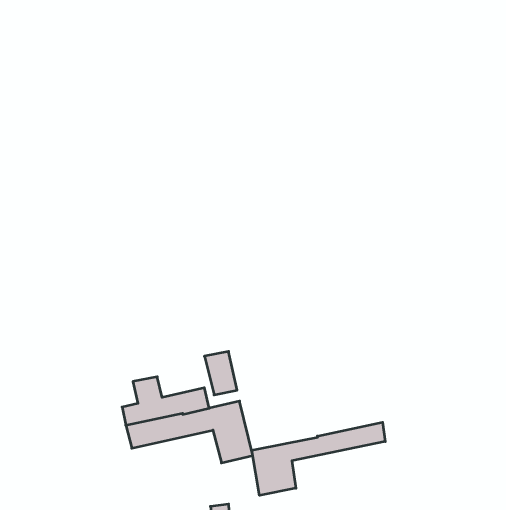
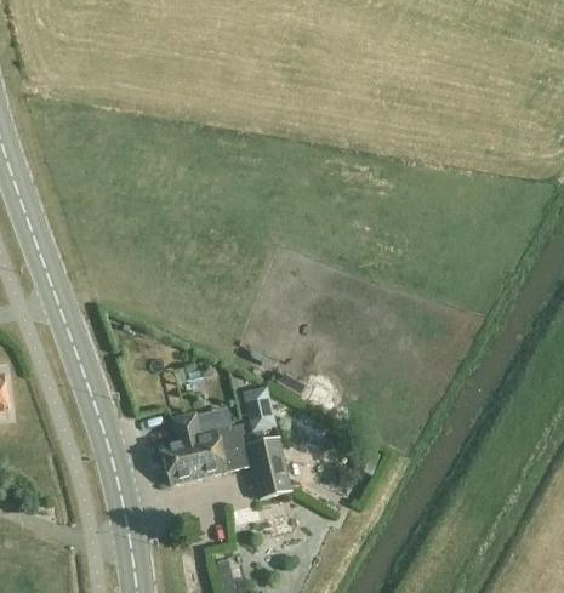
building: [252,422,385,495] -> none

